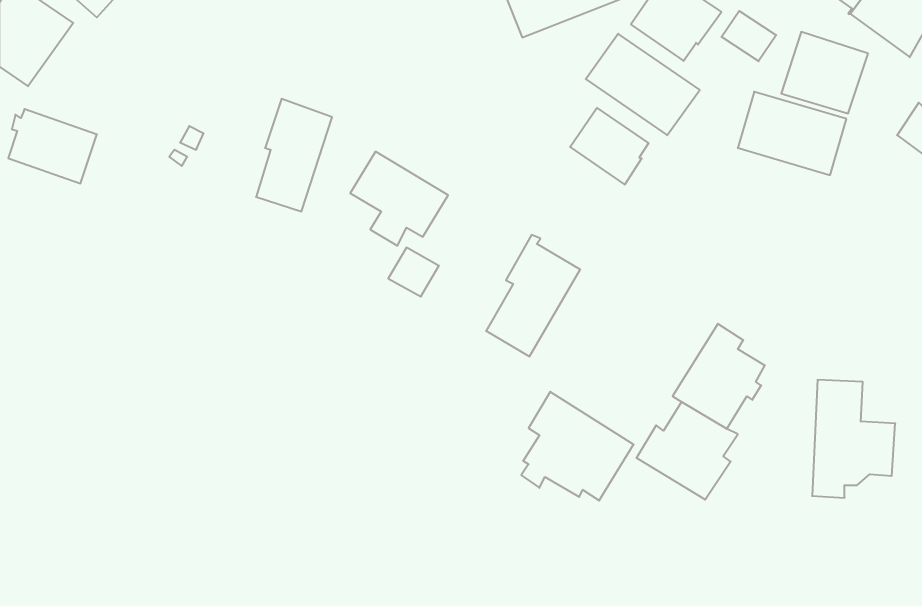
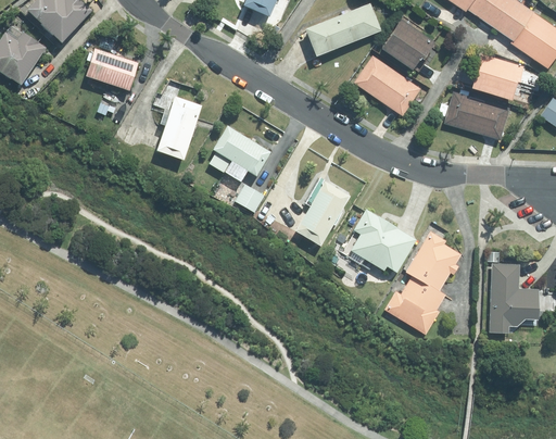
building: [721,11,776,61] -> none
building: [570,108,649,185] -> none
building: [8,109,97,183] -> [85,47,138,91]
building: [521,392,634,501] -> [349,208,416,273]

